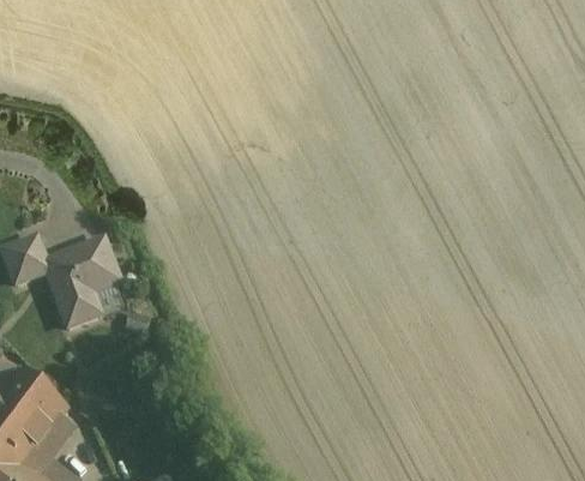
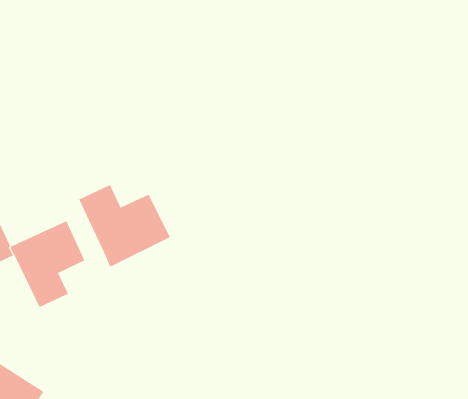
building: none -> [78,184,170,267]

